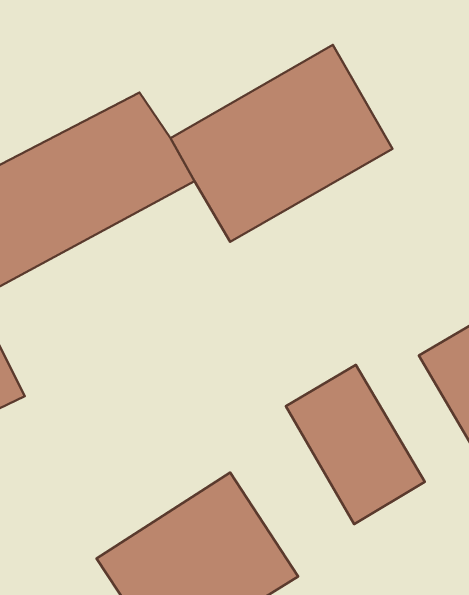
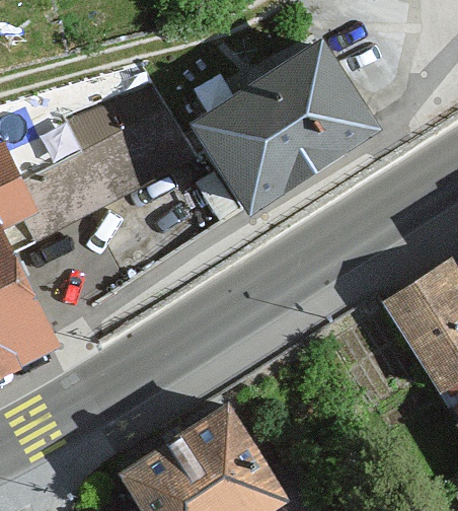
building: [286,365,425,524] -> none

